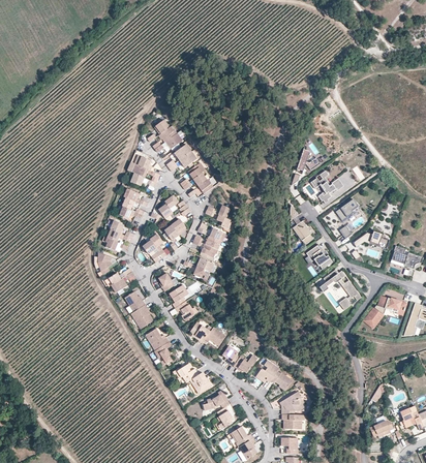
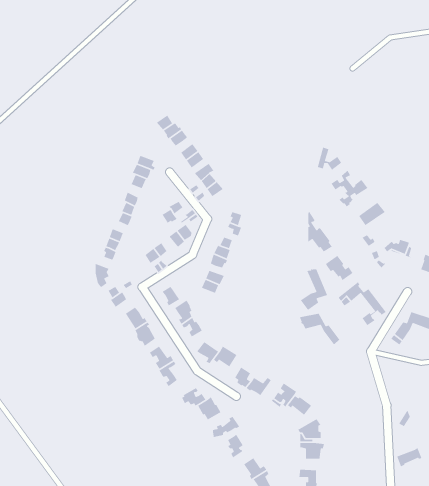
building: none -> [300,268,328,311]
building: none -> [299,313,341,345]

